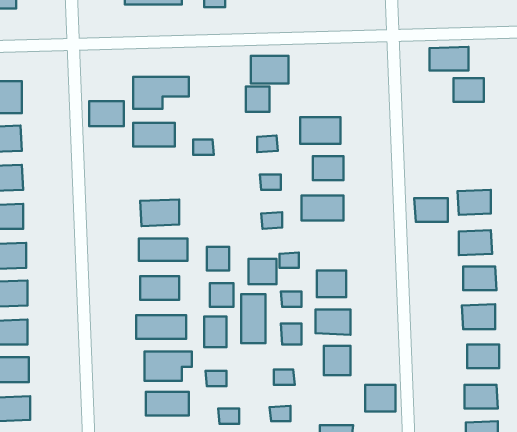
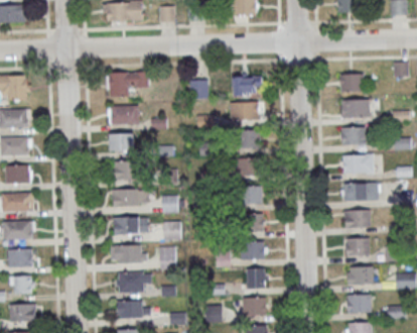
building: [429,47,468,71] -> [342,99,371,116]
building: [251,56,288,84] -> [233,76,260,96]
building: [89,101,124,126] -> [109,133,134,151]
building: [414,198,448,222] -> [342,127,367,144]
building: [249,259,276,284] -> [243,186,263,204]
building: [241,294,266,343] -> none
building: [365,385,396,411] -> [244,297,266,316]

